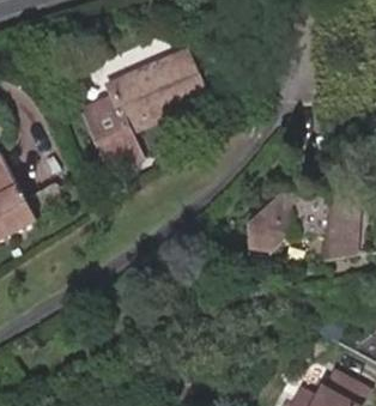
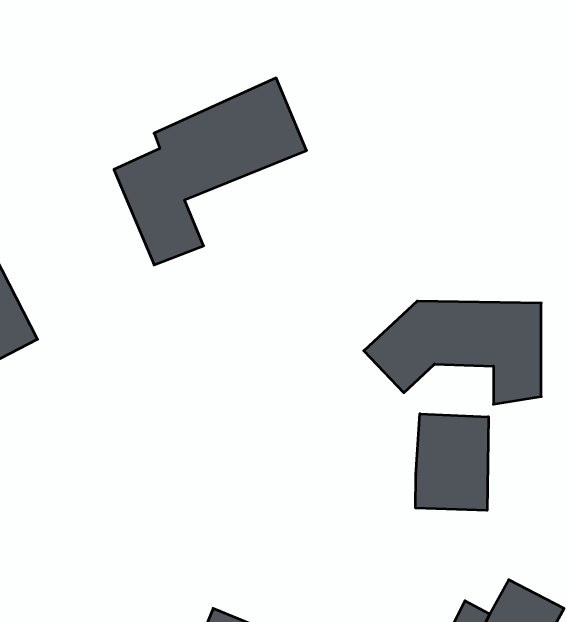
building: none -> [416,414,488,510]

